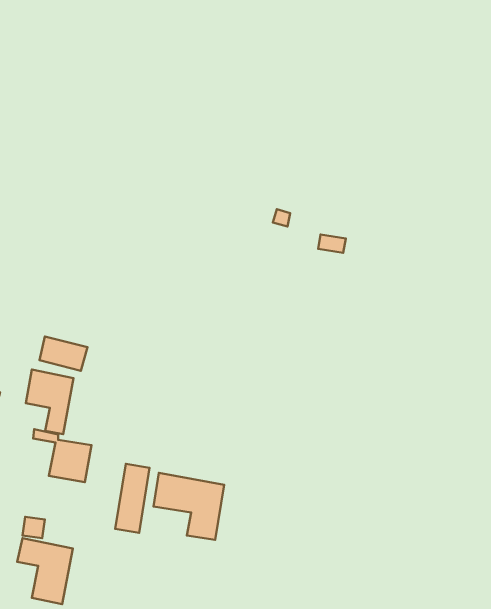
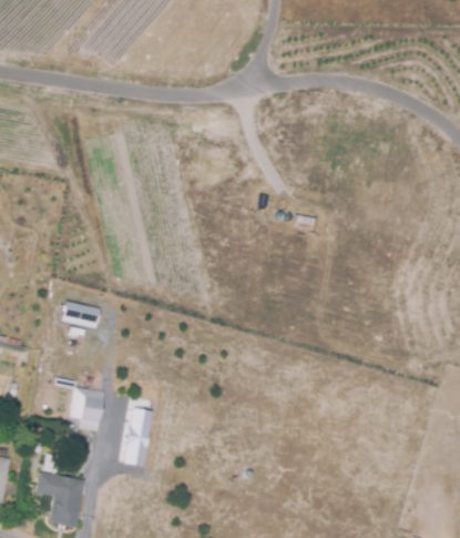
building: [26,369,73,434] -> none
building: [154,473,224,540] -> none

